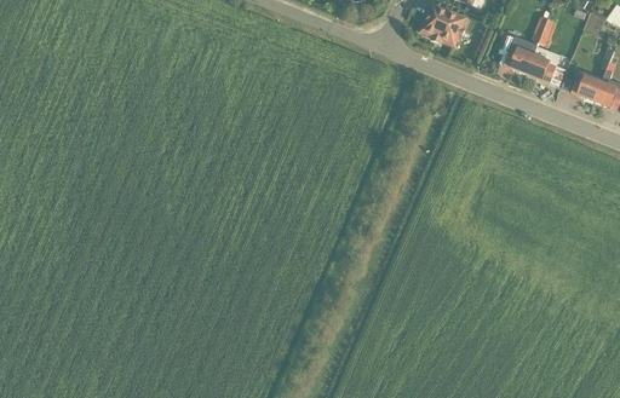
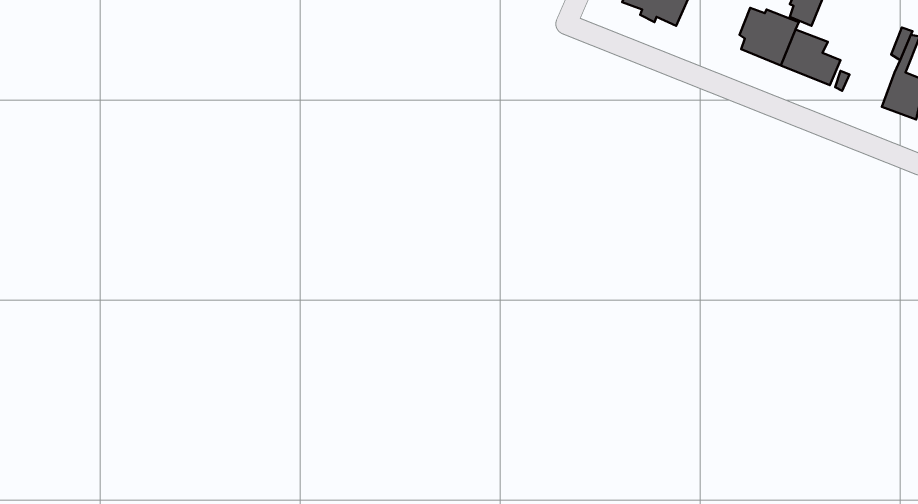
building: [572,69,603,100] -> none

